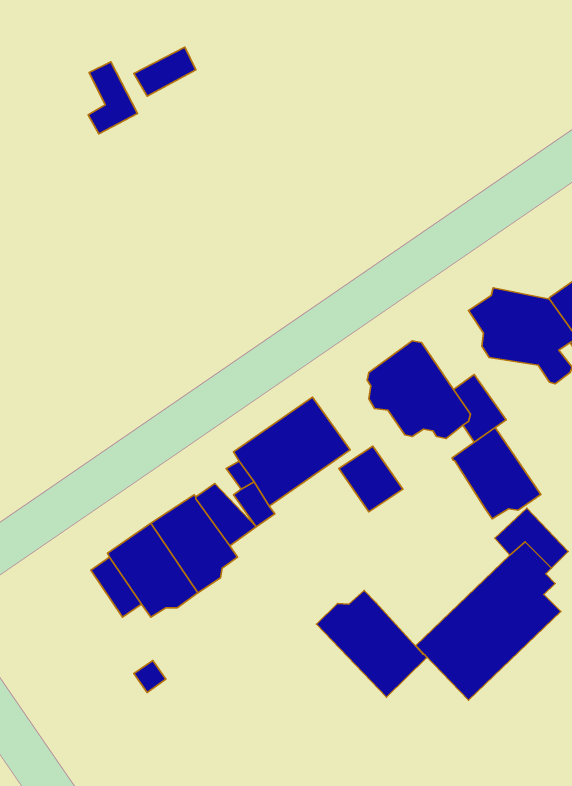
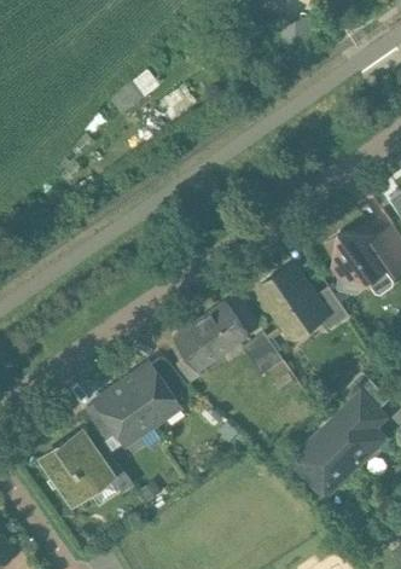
building: [88,62,137,134] -> none
building: [452,428,541,519] -> none
building: [316,591,427,697] -> none
building: none -> [41,431,109,503]

